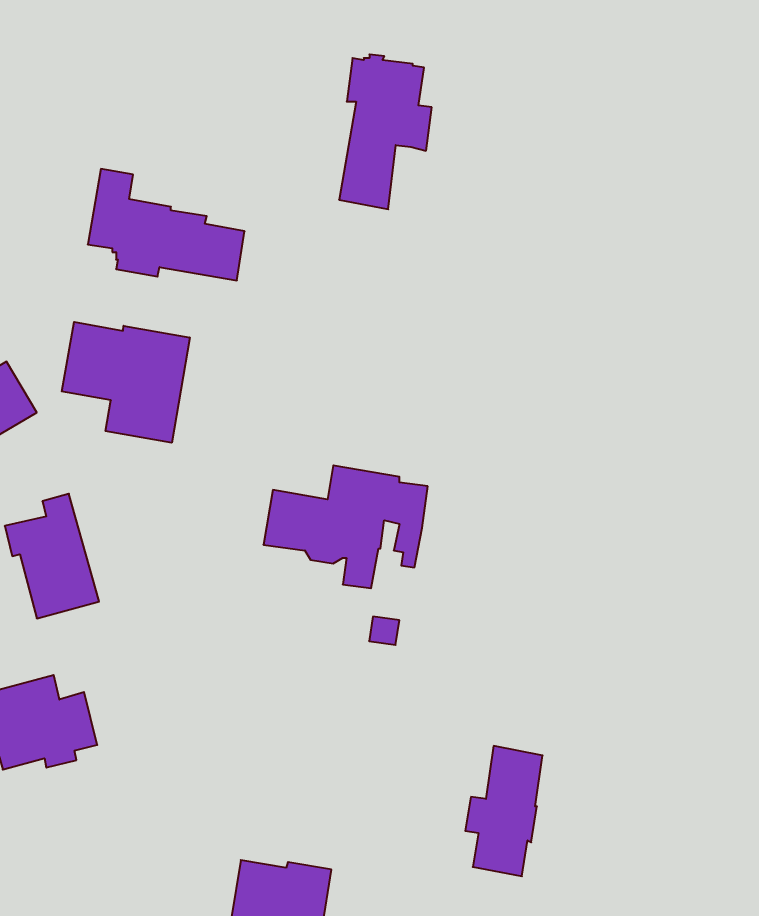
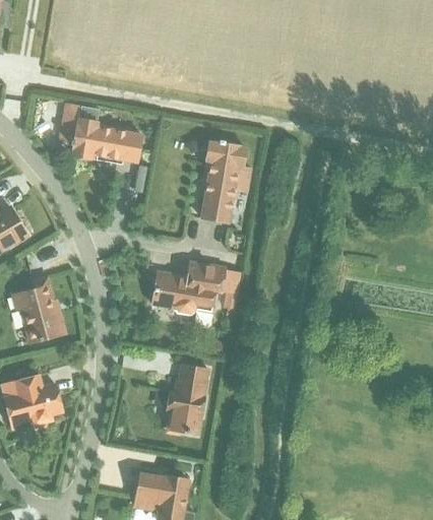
building: [339,54,432,209] -> [201,140,251,223]
building: [62,322,190,443] -> none
building: [465,746,543,876] -> [166,365,207,435]

